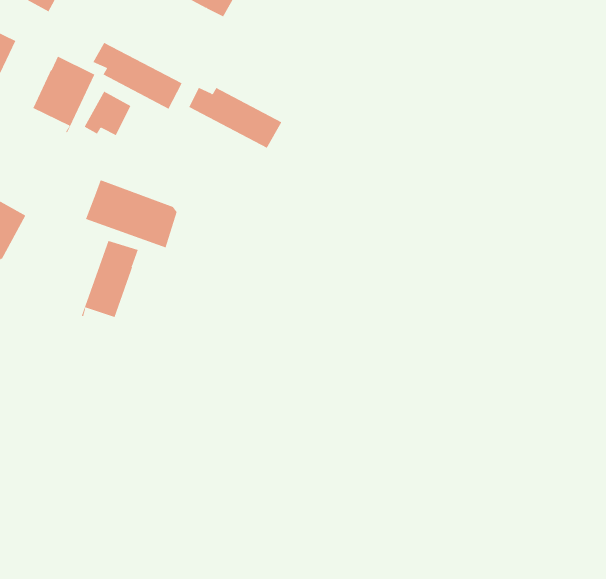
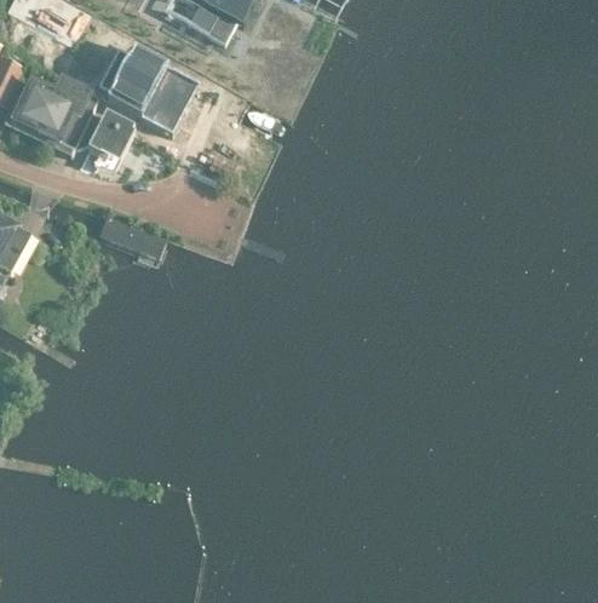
building: none -> [11,81,54,131]
building: [188,87,282,148] -> [105,47,196,107]
building: [81,240,139,318] -> none

